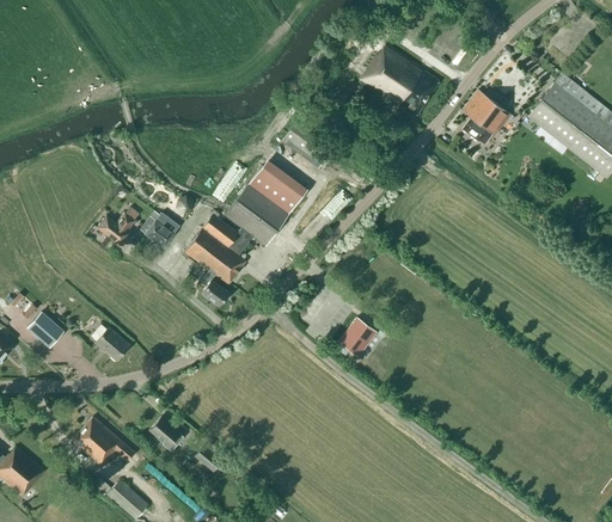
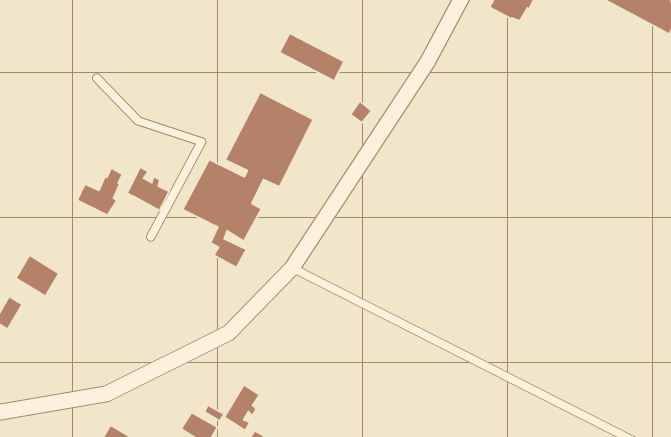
building: [26,312,62,348] -> [16,255,59,296]
building: [338,318,375,357] -> none
building: [91,325,128,361] -> none
building: none -> [224,385,259,431]

